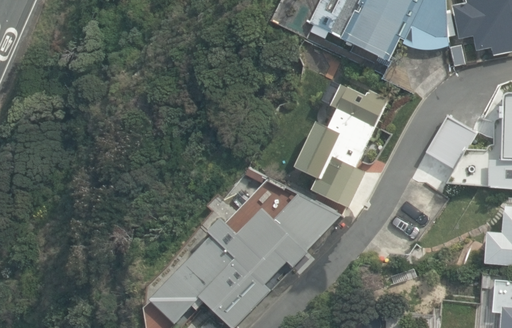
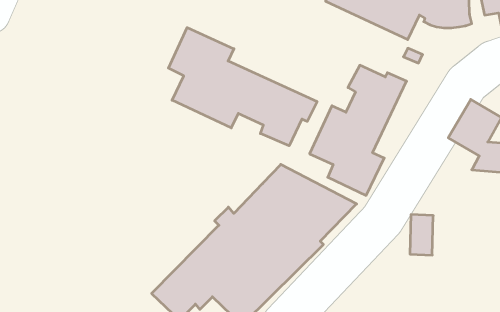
building: none -> [168,28,317,146]

